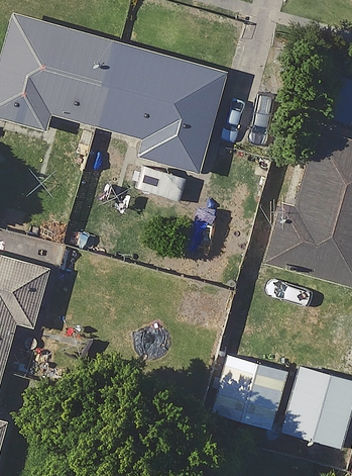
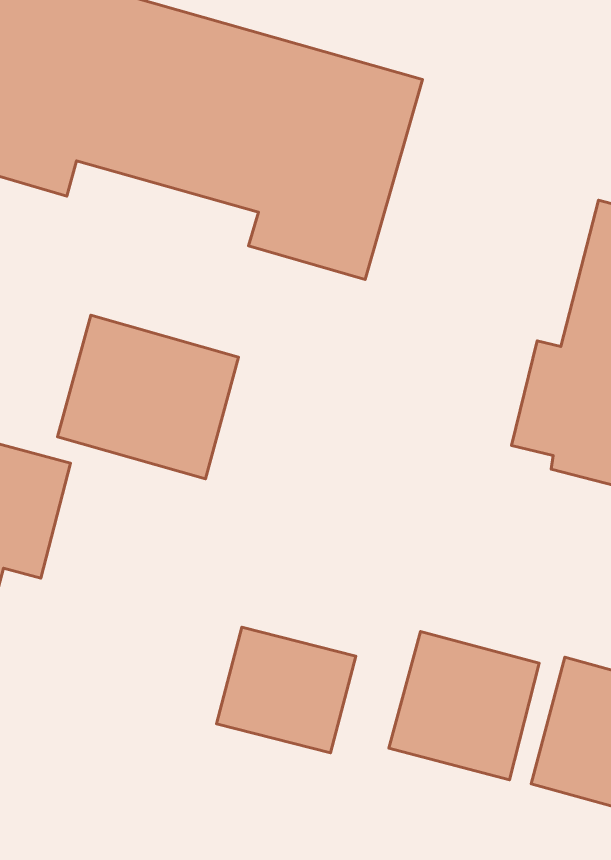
building: none -> [58,315,239,479]
building: none -> [216,627,356,753]

